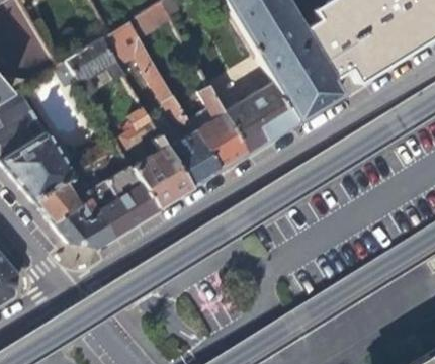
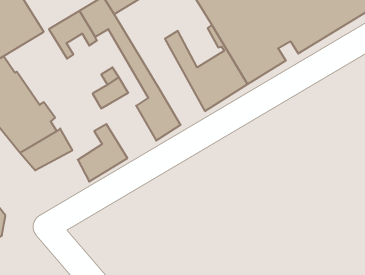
building: [189,70,247,170] -> none
building: [133,136,190,208] -> none
building: [50,199,112,247] -> none

